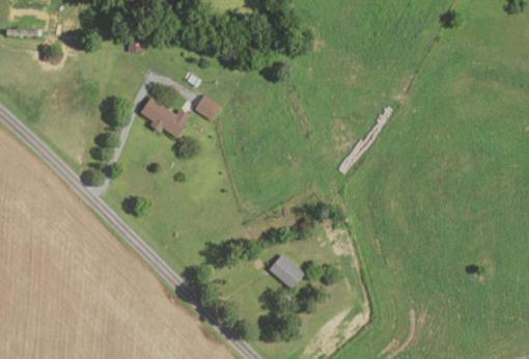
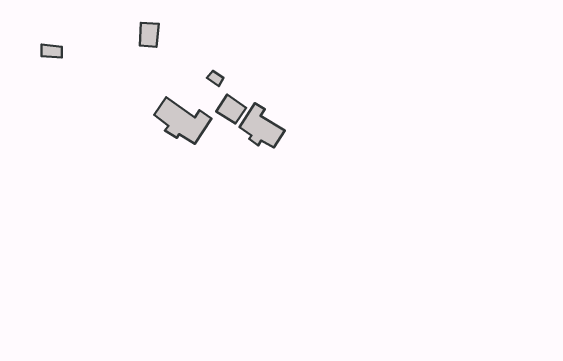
building: none -> [239,103,285,148]
building: [269,253,305,289] -> none

